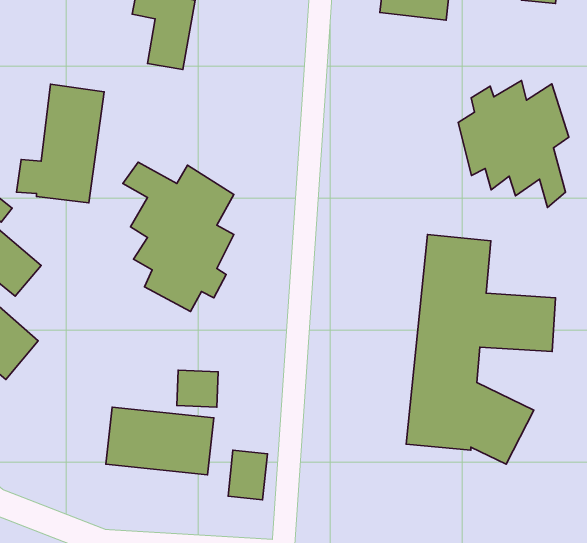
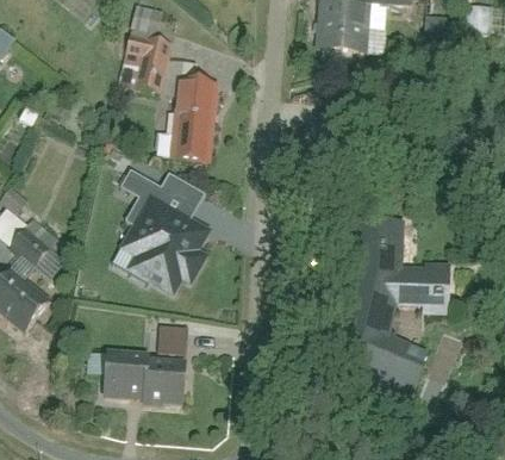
building: [458,81,569,208] -> none
building: [17,84,104,203] -> [154,74,222,166]
building: [228,450,267,500] -> none

